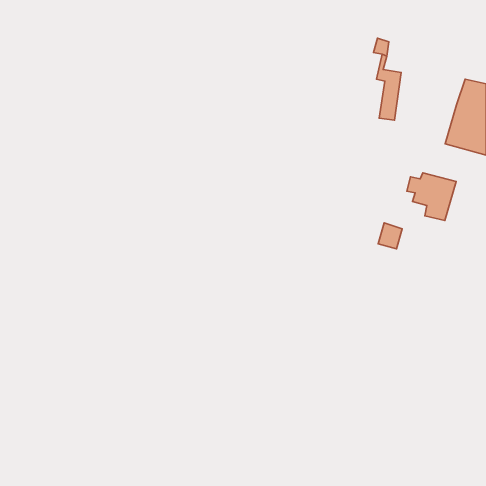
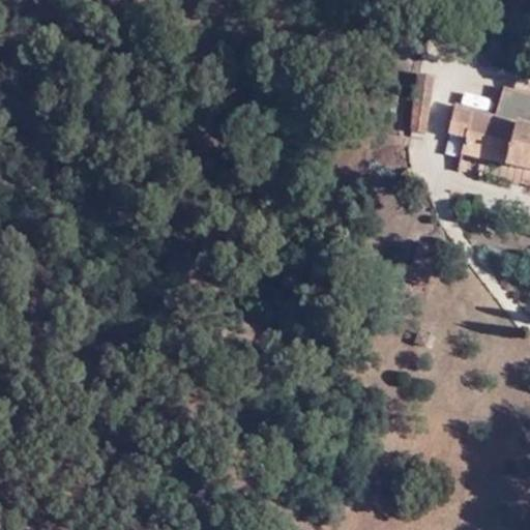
building: [407,173,456,221] -> [442,106,496,157]

